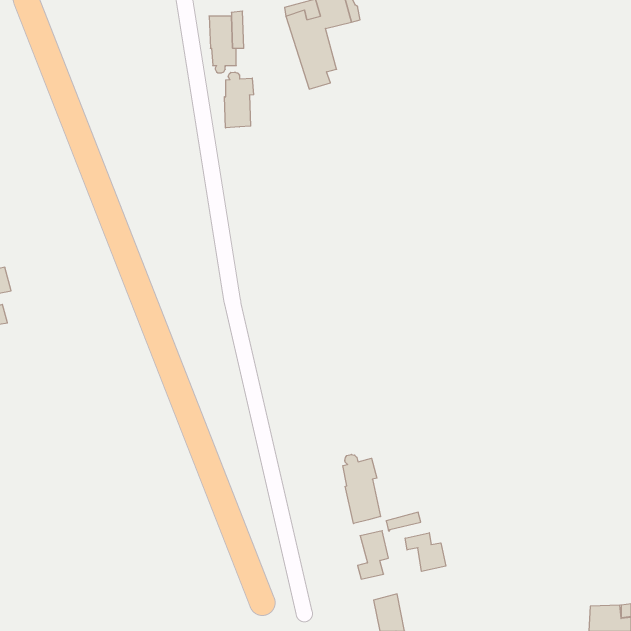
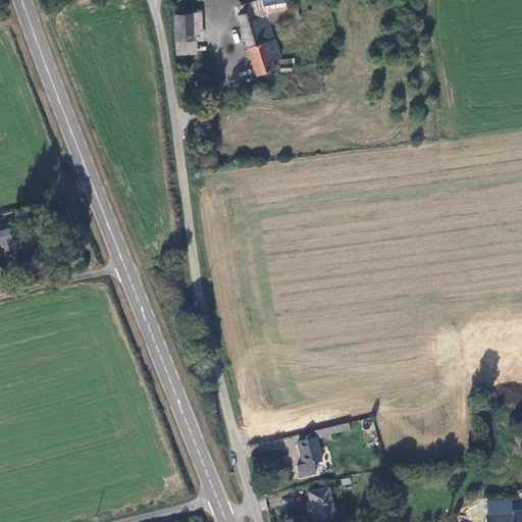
building: [224,72,254,128] -> none
building: [343,454,381,524] -> none
building: [405,533,446,571] -> none

